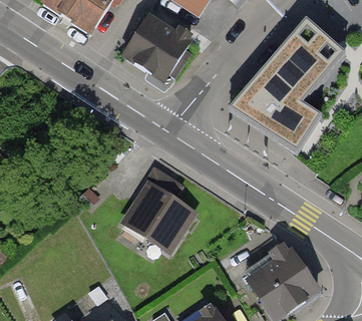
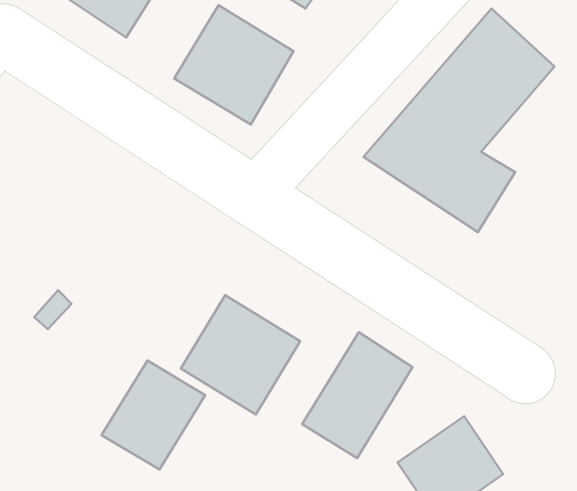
building: none -> [302,332,412,458]
building: none -> [102,361,205,470]

